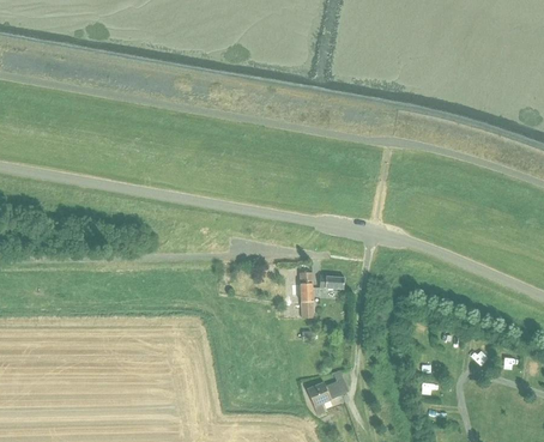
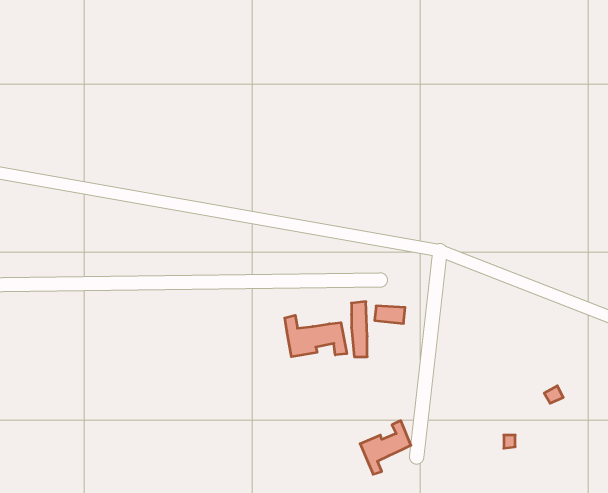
building: none -> [285,315,347,357]

